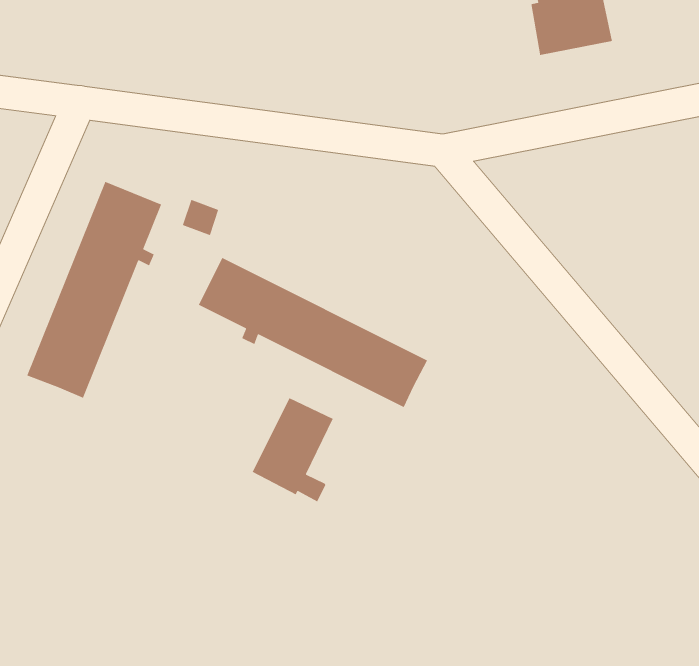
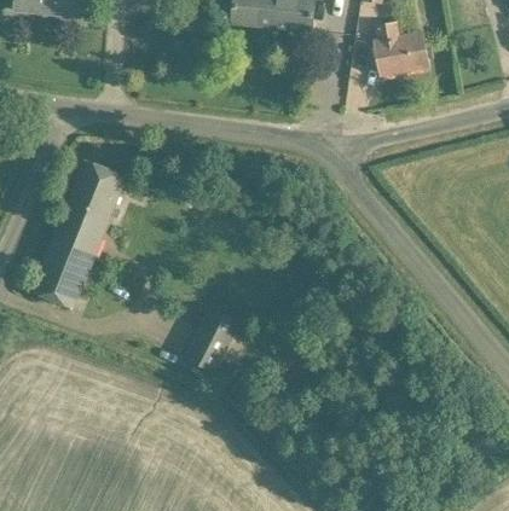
building: [198,257,428,408] -> none

